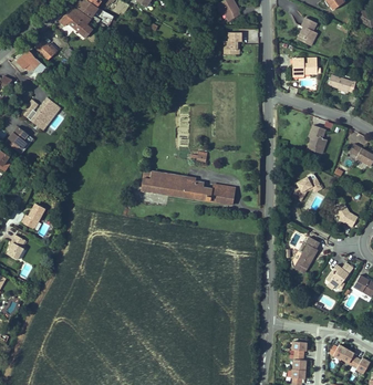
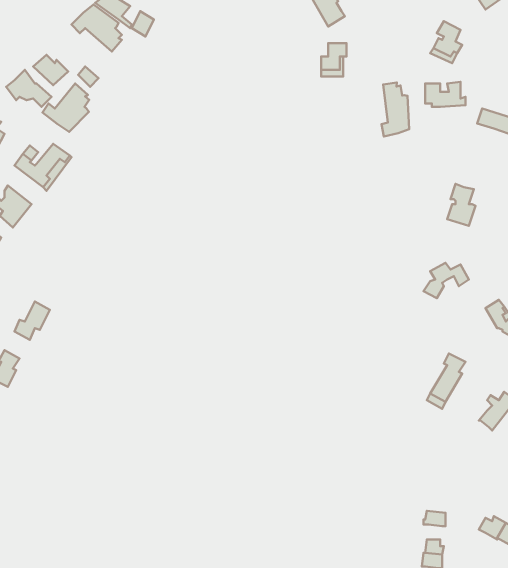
building: none -> [382,83,409,137]
building: none -> [43,83,89,132]
building: [142,170,235,205] -> none

